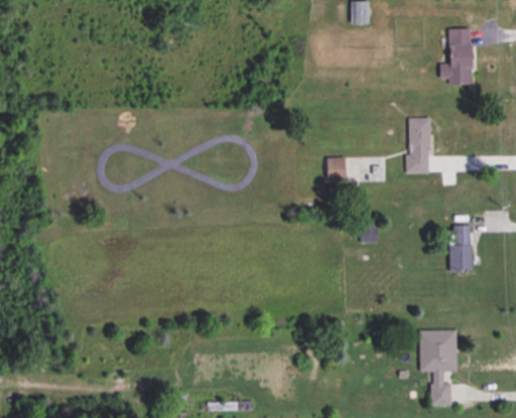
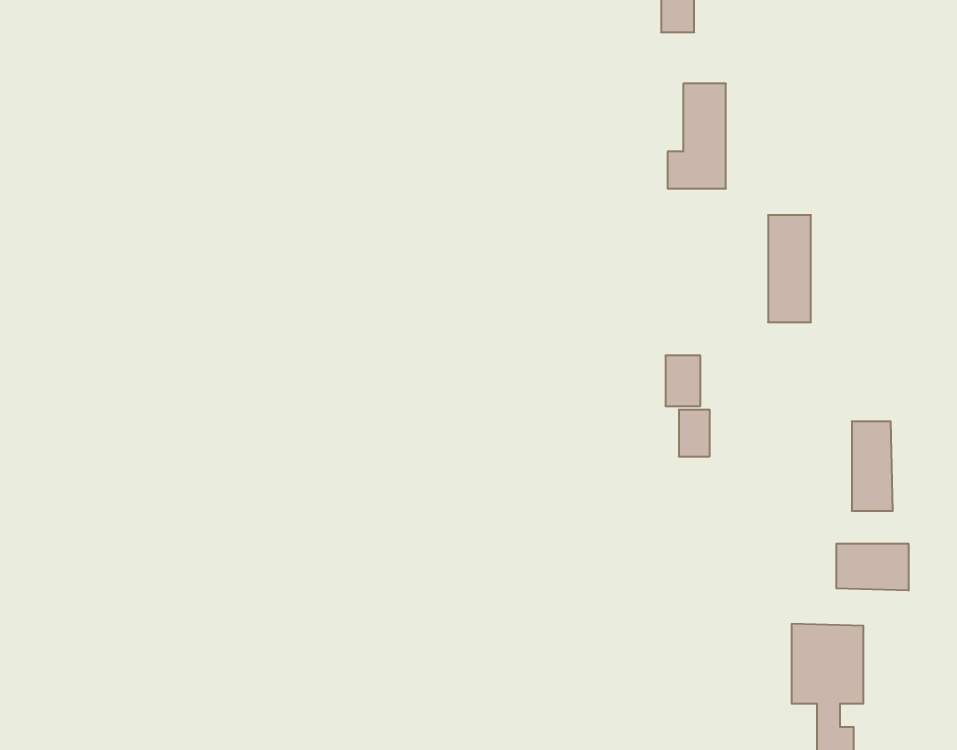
building: [440,29,471,84] -> [668,84,726,189]
building: [327,158,345,184] -> [665,356,700,406]
building: none -> [836,544,909,591]

